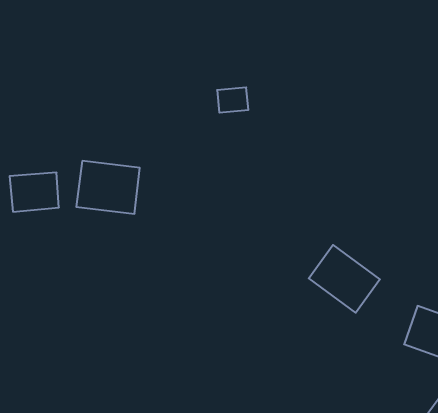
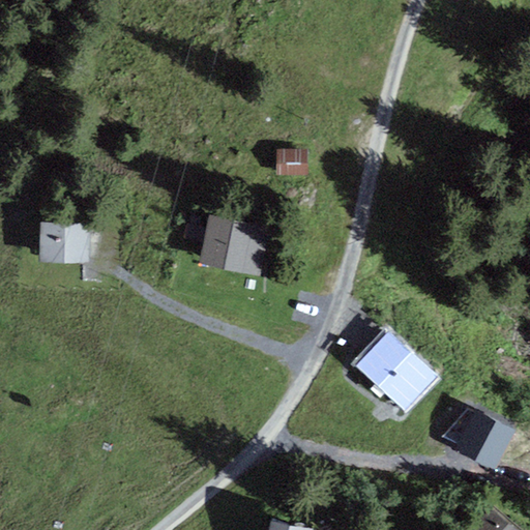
building: [76,161,140,214] -> [198,214,271,277]

